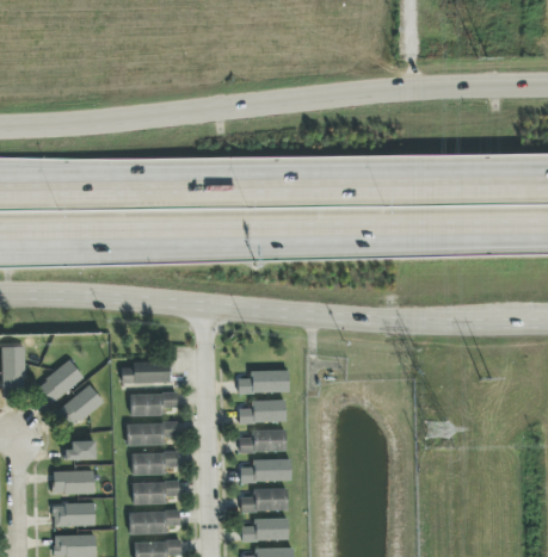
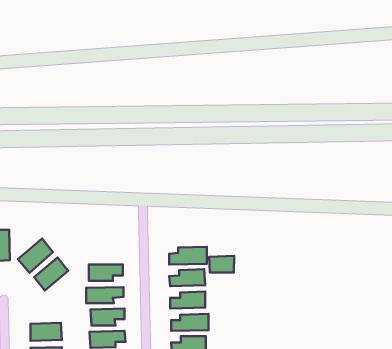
building: [122,360,170,382] -> none
building: none -> [209,256,234,272]
building: [64,439,97,459] -> none

